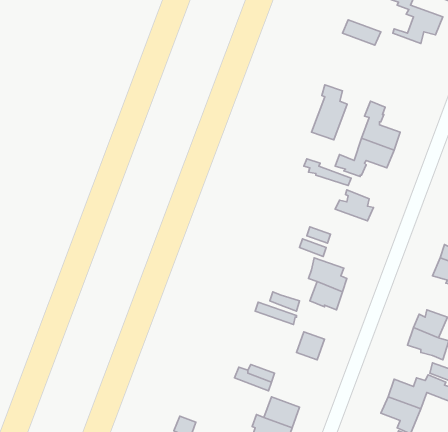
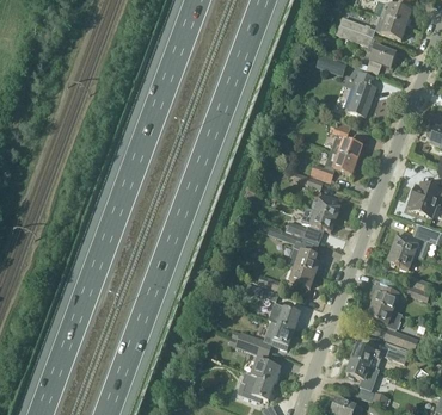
building: [312,85,347,140] -> [348,70,376,114]
building: none -> [301,205,336,230]
building: none -> [264,320,295,348]

